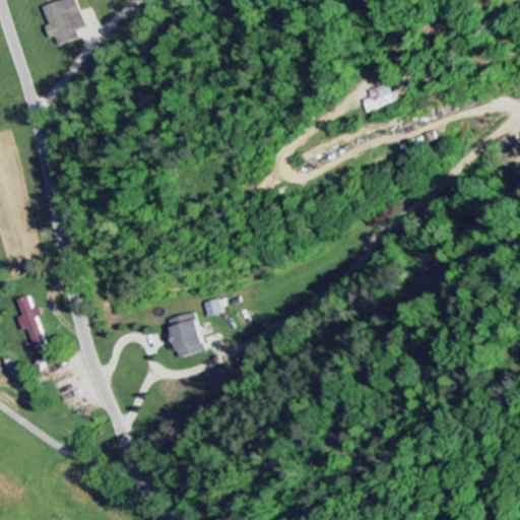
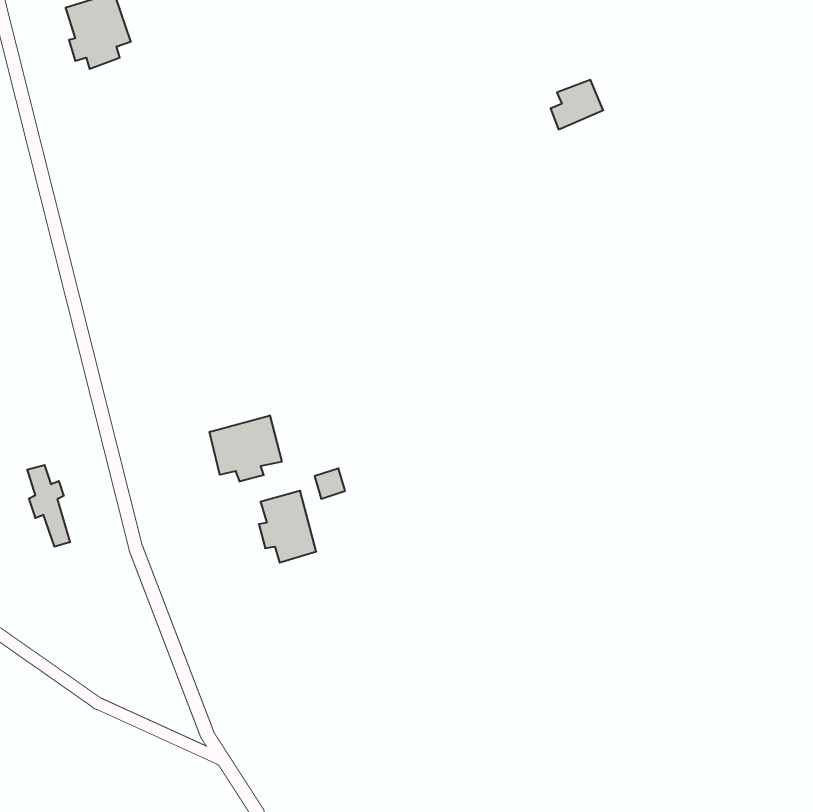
building: [369,81,402,113] -> [551,80,603,129]
building: none -> [210,415,282,482]

